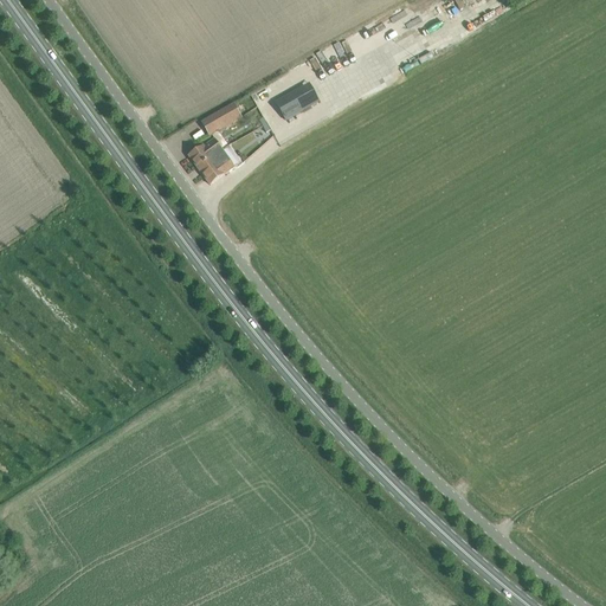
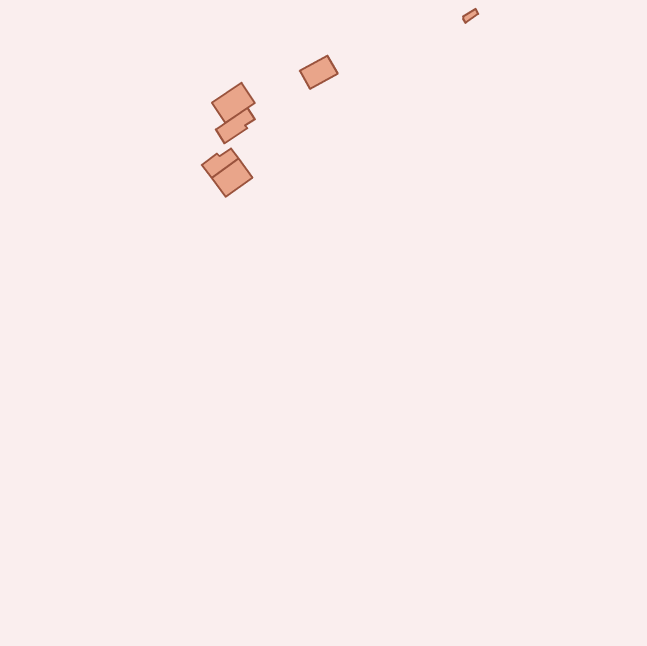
building: none -> [212,83,255,123]
building: [277,88,312,118] -> [300,56,338,89]

